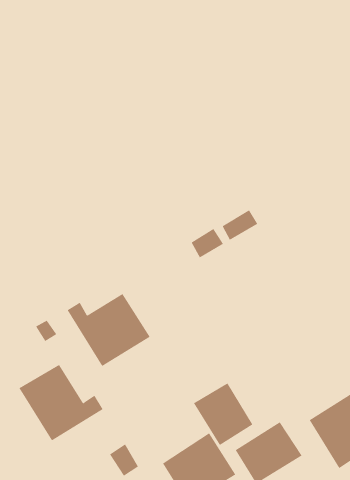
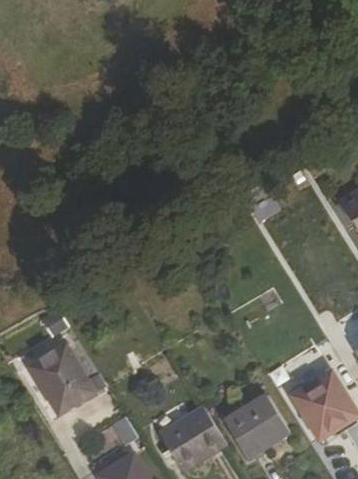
building: [67,293,151,367] -> none
building: [193,382,253,446] -> none

